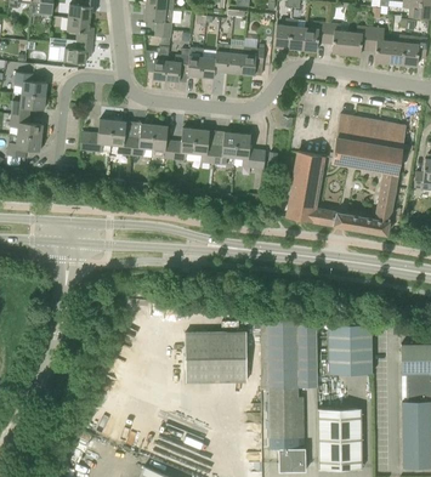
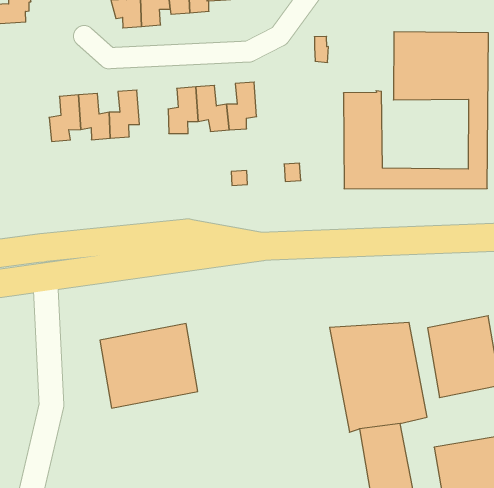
building: [151,125,174,159] -> none
building: [234,134,265,170] -> none
building: [185,333,246,382] -> [100,324,198,408]

